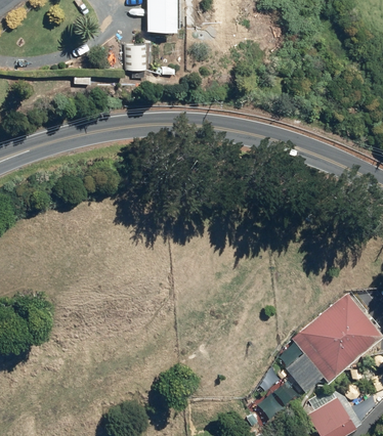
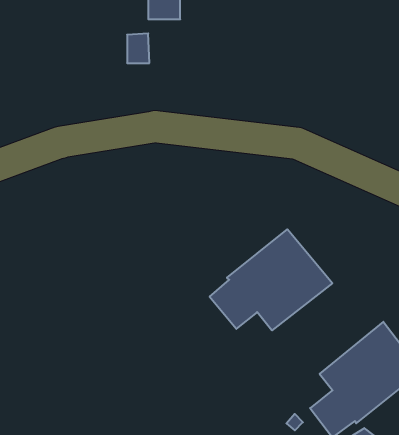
building: none -> [210,229,332,330]

